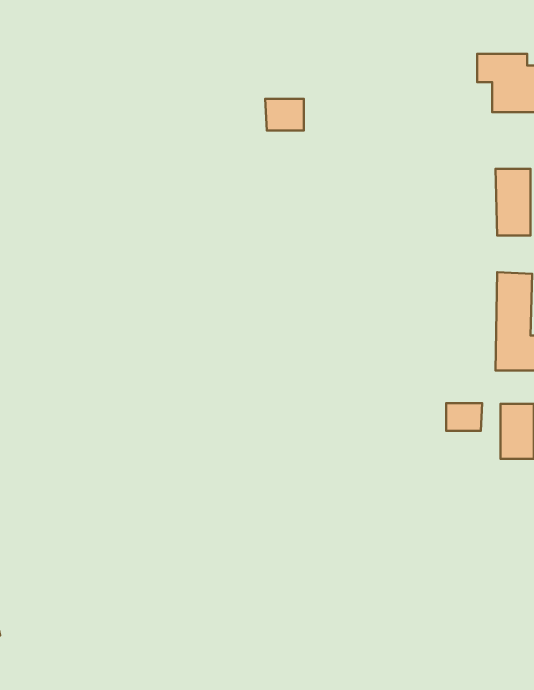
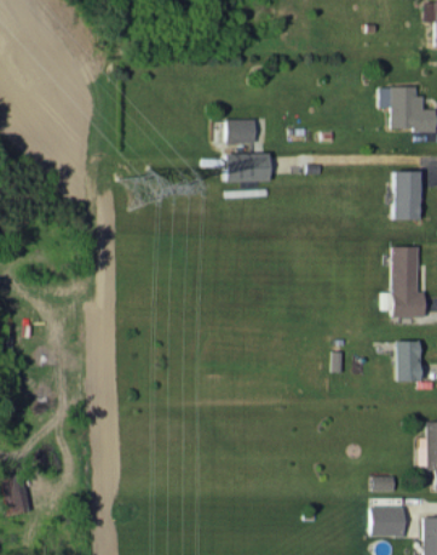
building: none -> [226,153,270,182]
building: [446,403,482,431] -> none
building: none -> [372,507,406,536]

